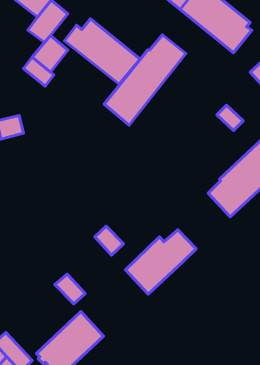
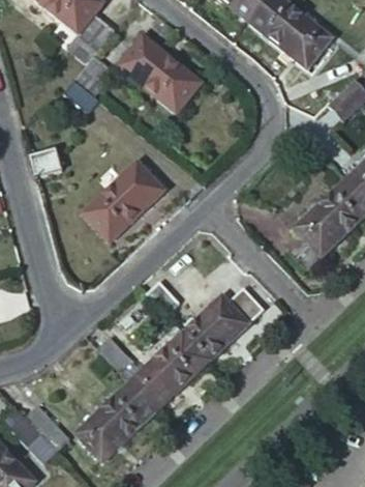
building: [104,35,186,125] -> none
building: none -> [81,162,163,242]
building: none -> [129,333,209,411]

